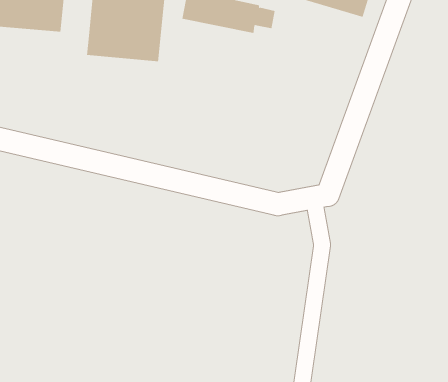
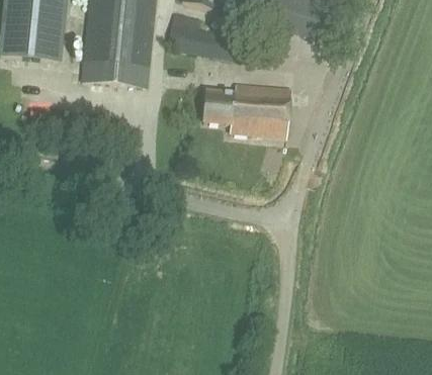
building: none -> [202,82,290,136]

